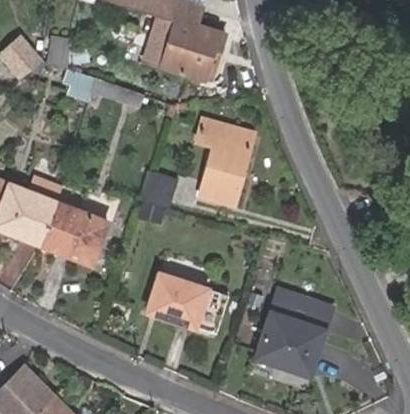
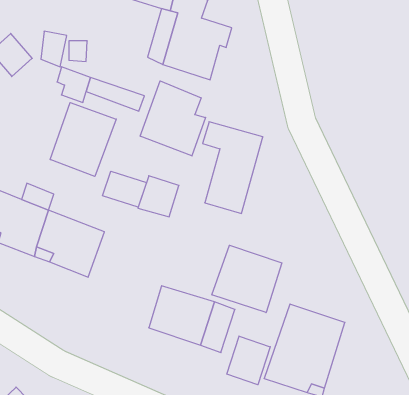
building: none -> [140,81,206,156]
building: none -> [50,103,116,176]
building: none -> [103,171,146,207]
building: none -> [212,245,282,313]
building: none -> [227,336,270,385]

